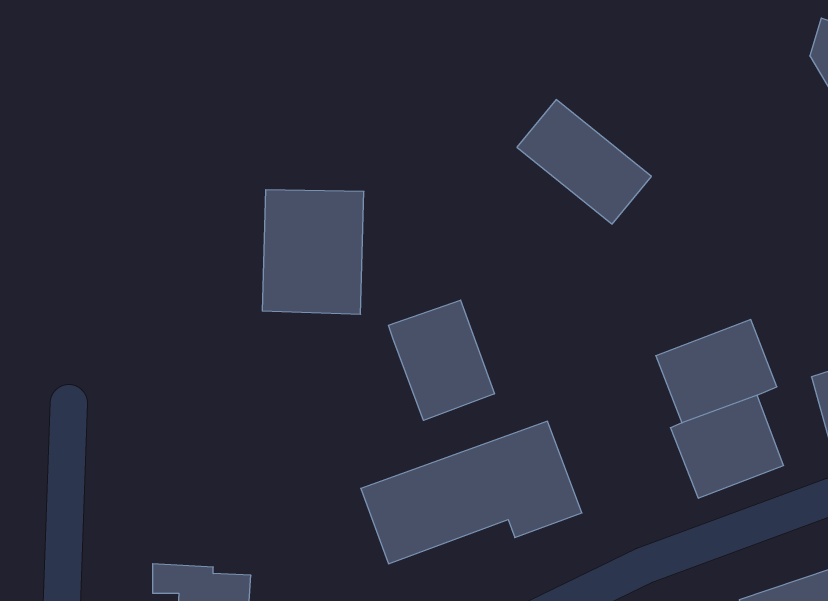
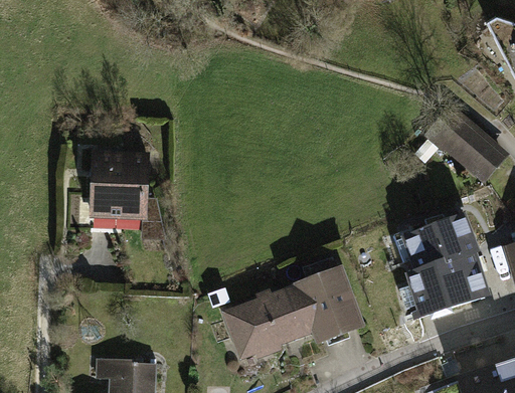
building: [517,100,651,224] -> [419,109,502,185]
building: [262,190,364,314] -> [90,152,152,228]
building: [389,300,494,420] -> none

